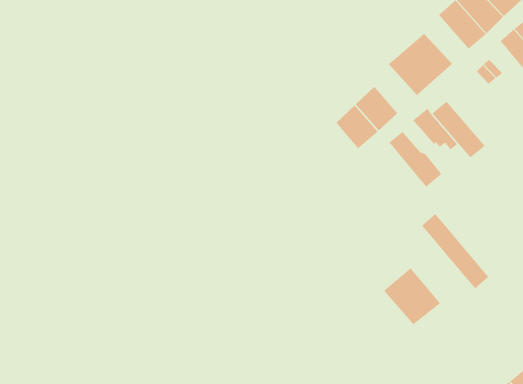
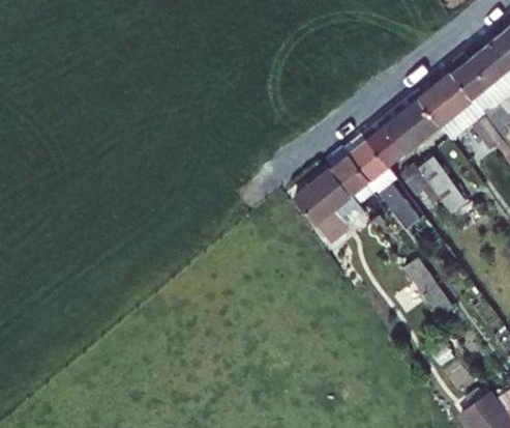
building: none -> [415,81,457,125]
building: none -> [366,122,408,167]
building: none -> [299,172,352,235]
building: [383,268,441,325] -> none

